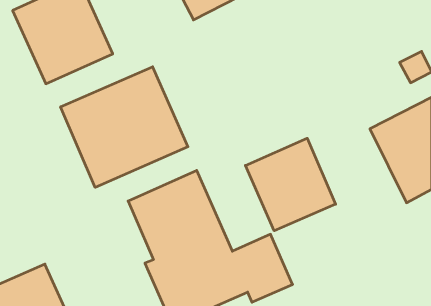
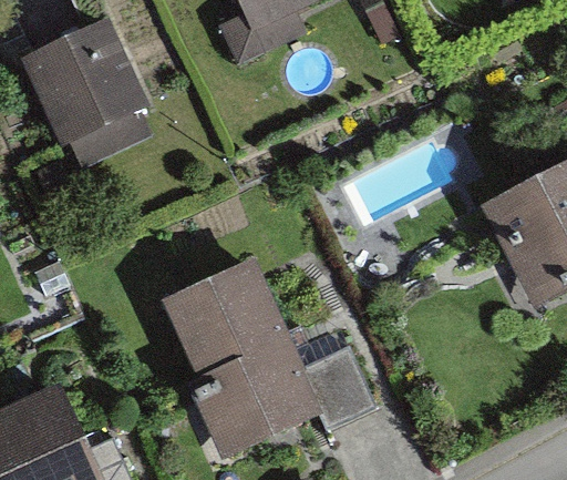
building: [61,67,188,187] -> none
building: [245,138,336,231] -> none

